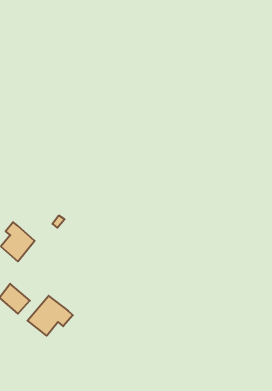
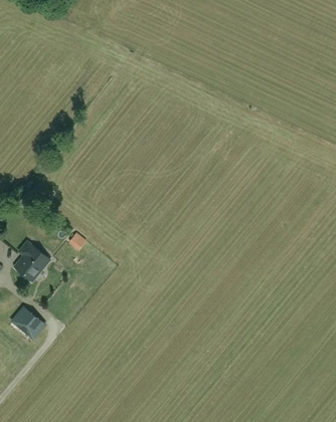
building: [27,296,73,336] -> none

